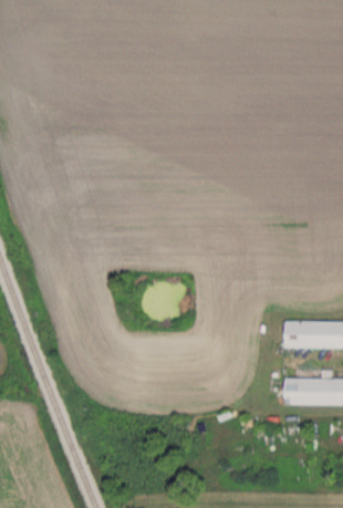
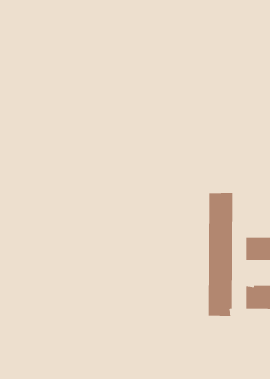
building: none -> [208,192,233,317]

